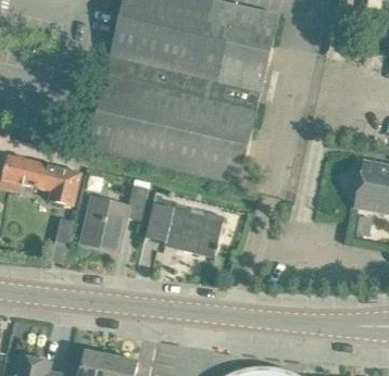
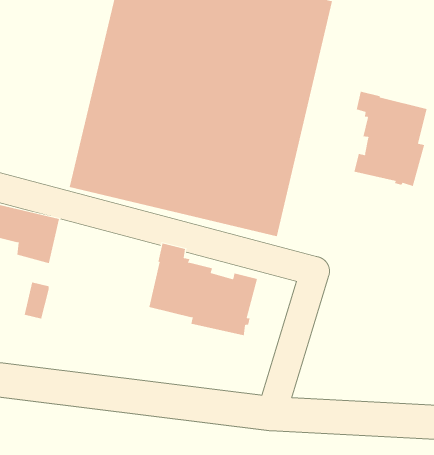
building: none -> [354,91,427,187]
building: [80,185,148,250] -> none

